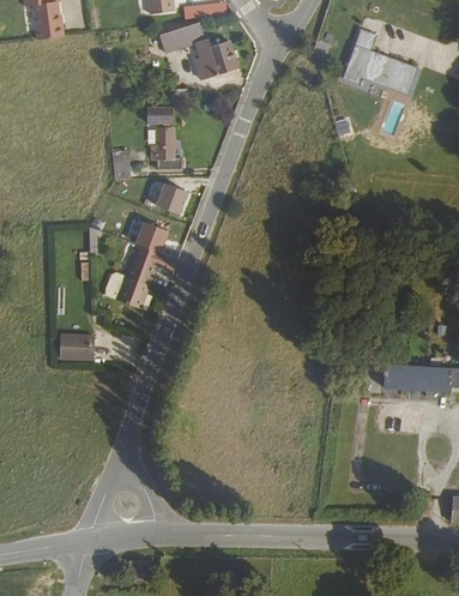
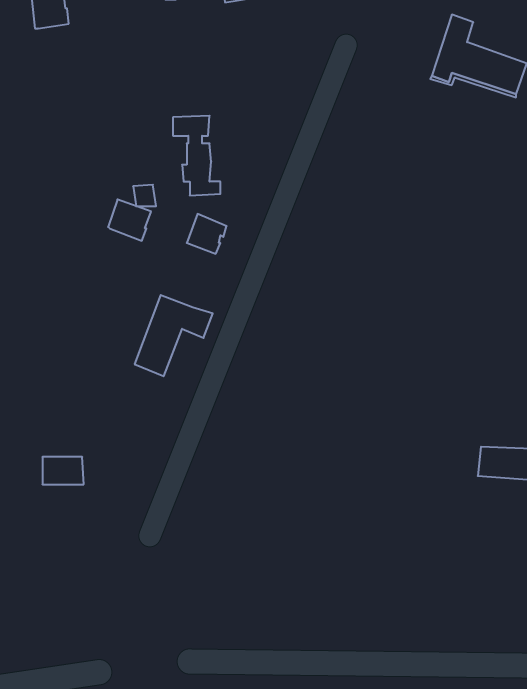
building: [162,24,237,80] -> none
building: [133,224,167,257] -> [108,199,151,241]
building: [58,336,90,357] -> [42,457,84,484]

